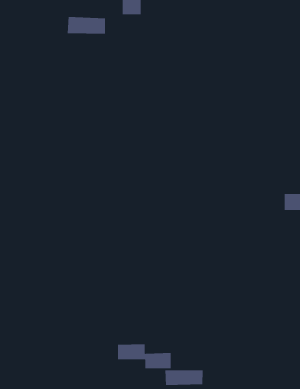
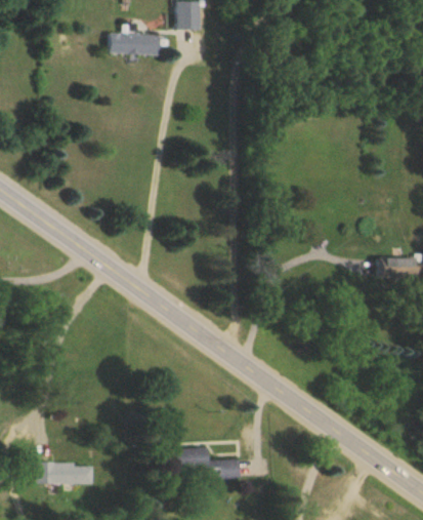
building: none -> [38,463,94,484]
building: [165,370,203,386] -> none

